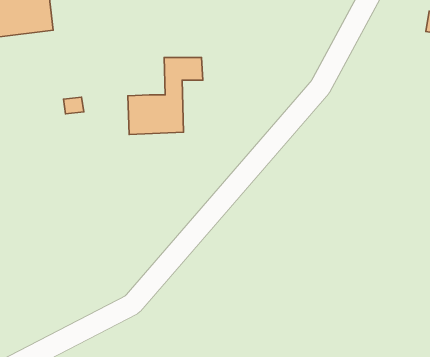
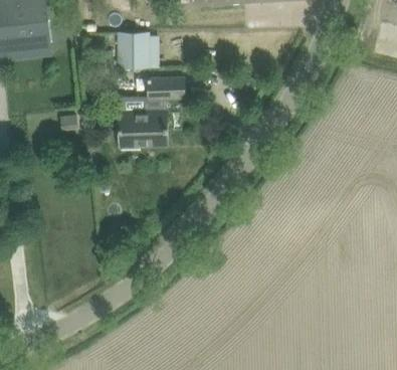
building: none -> [117,33,158,68]

